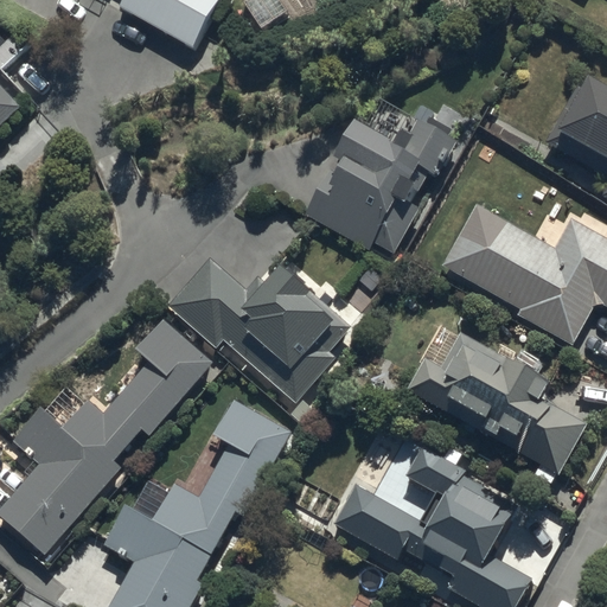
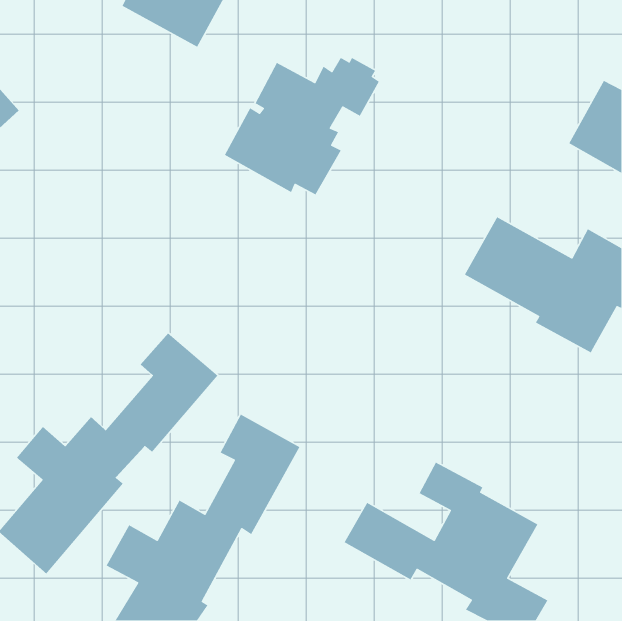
building: [302,117,453,251] -> [224,57,380,196]
building: [166,257,350,402] -> none
building: [408,333,587,475] -> none

